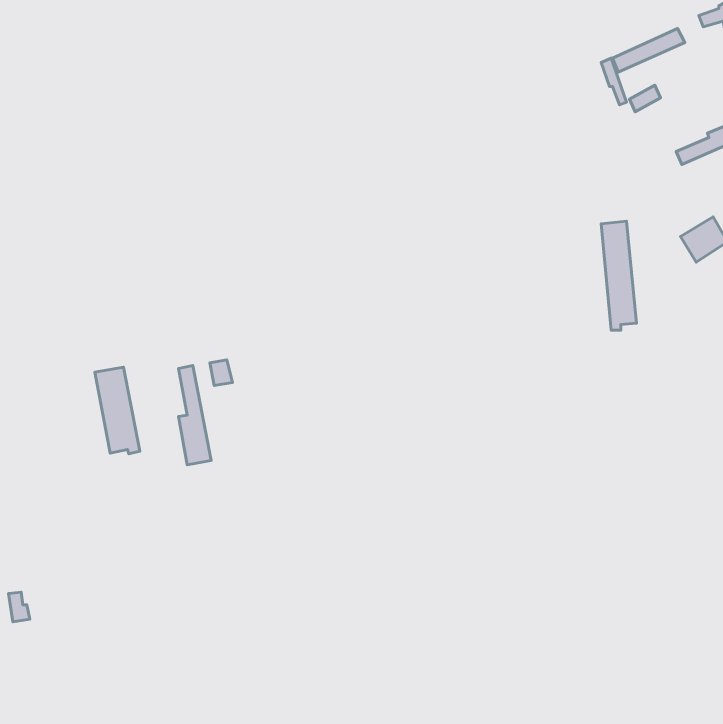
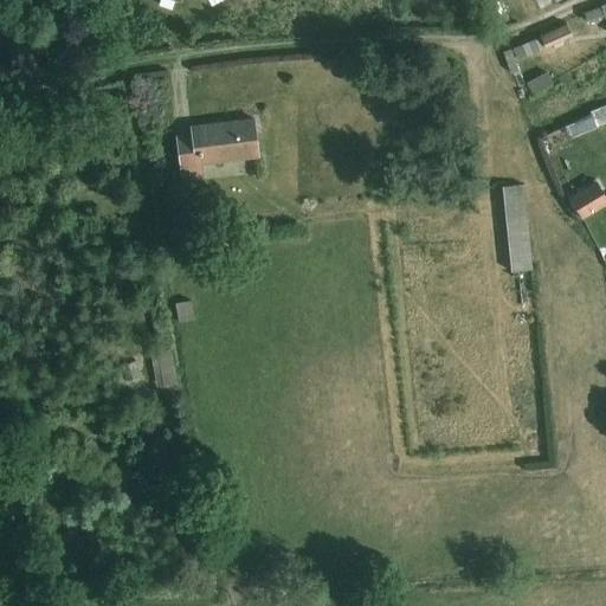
building: none -> [176,117,259,176]
building: [95,367,140,454] -> none

